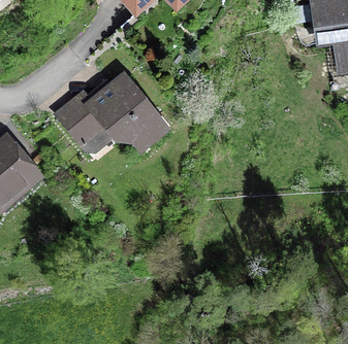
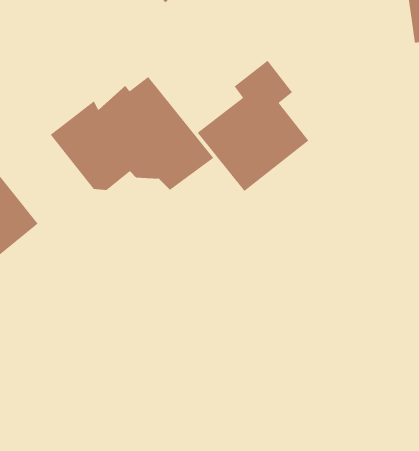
building: none -> [197,60,309,192]

